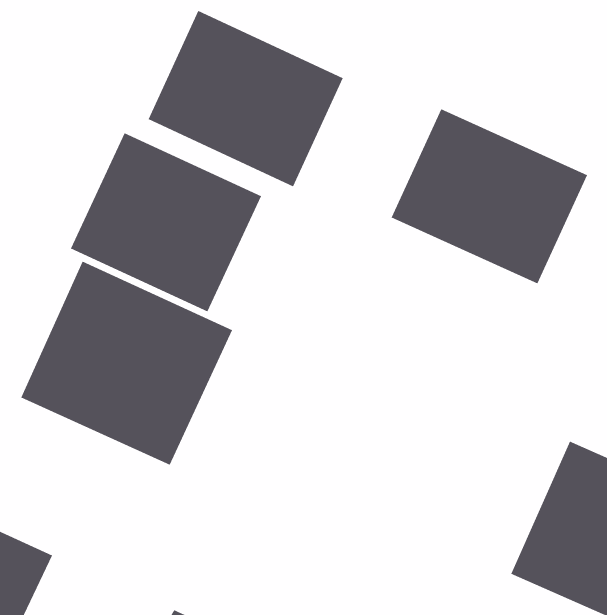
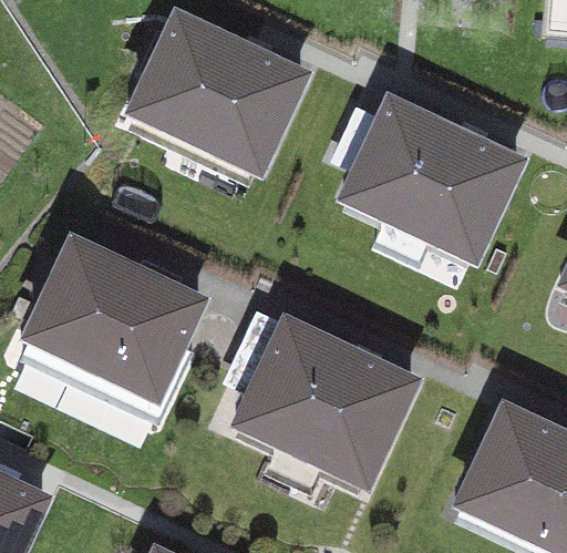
building: [70,132,262,313] -> none
building: none -> [233,314,419,487]

